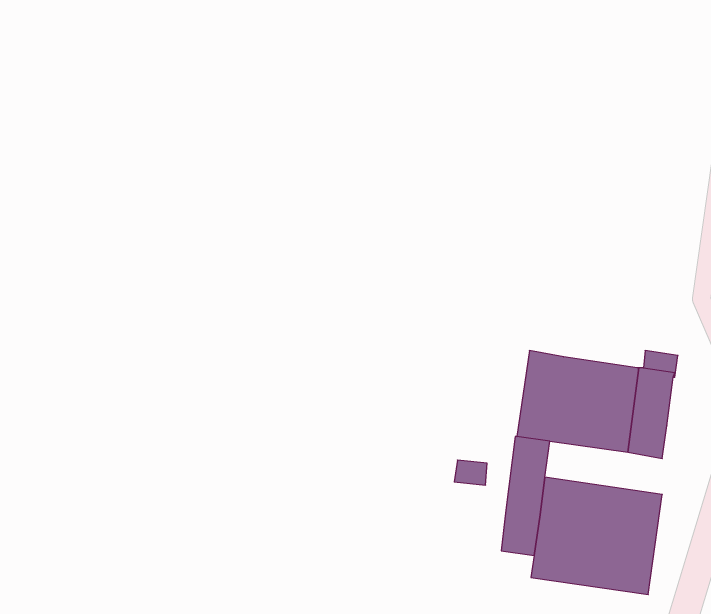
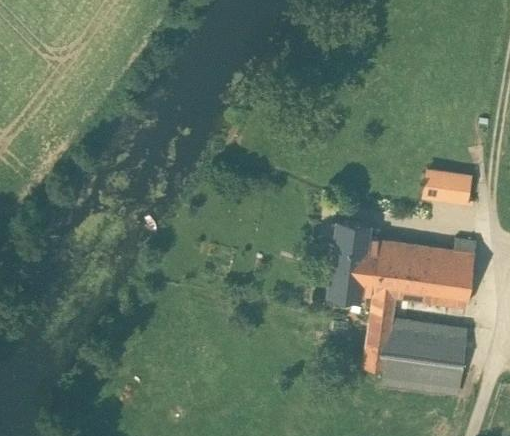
building: none -> [424,170,471,202]
building: none -> [330,221,382,295]

